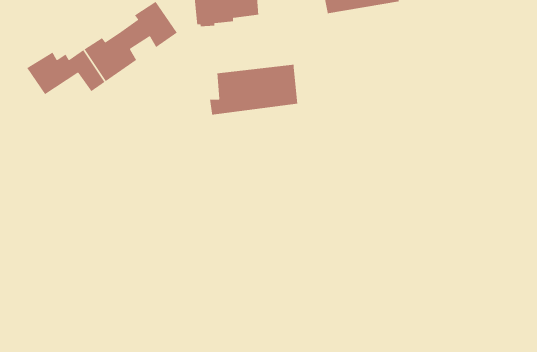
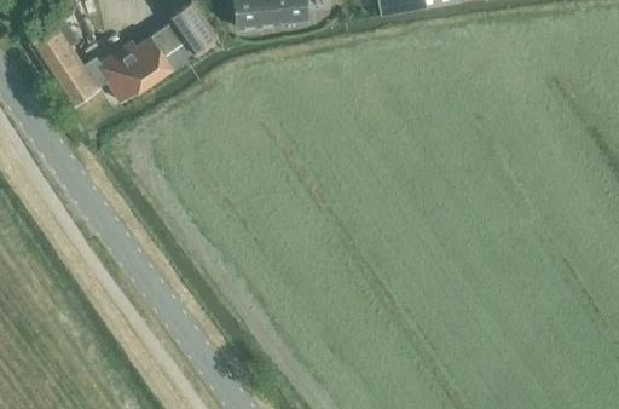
building: none -> [30,22,79,75]
building: [209,64,298,116] -> none

